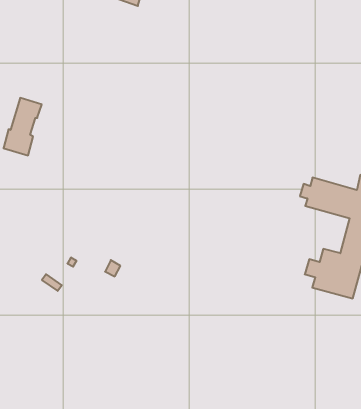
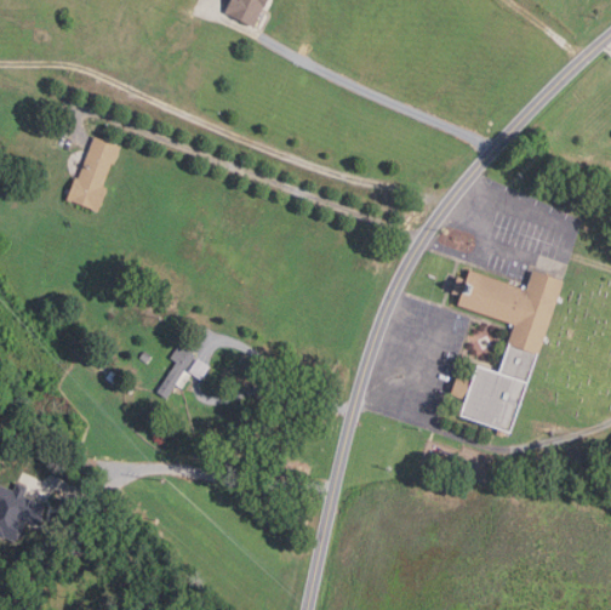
building: none -> [158,344,194,397]

